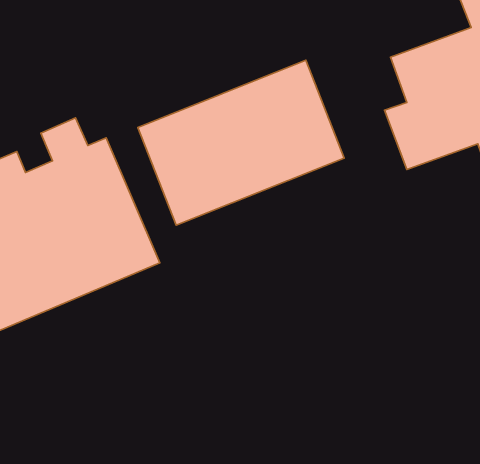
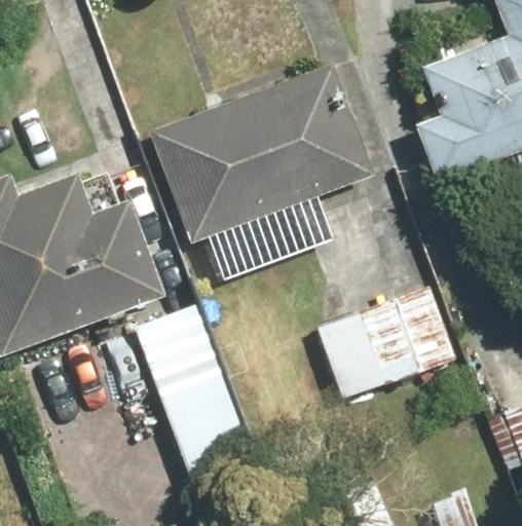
building: none -> [314,287,457,402]
building: none -> [132,308,243,494]

